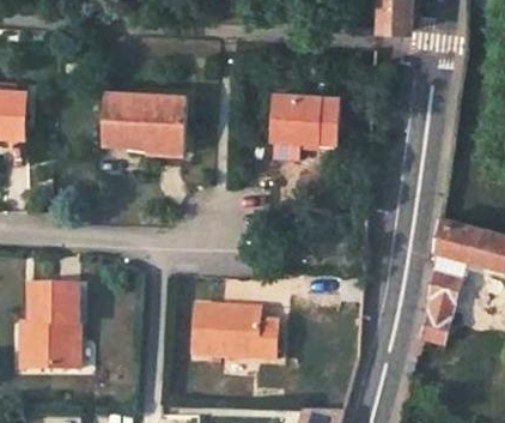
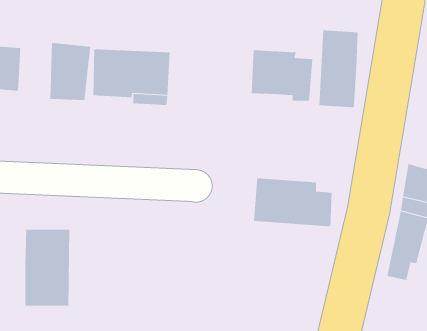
building: none -> [319,29,358,108]
building: none -> [50,42,91,101]
building: [190,309,275,362] -> [253,178,332,227]

